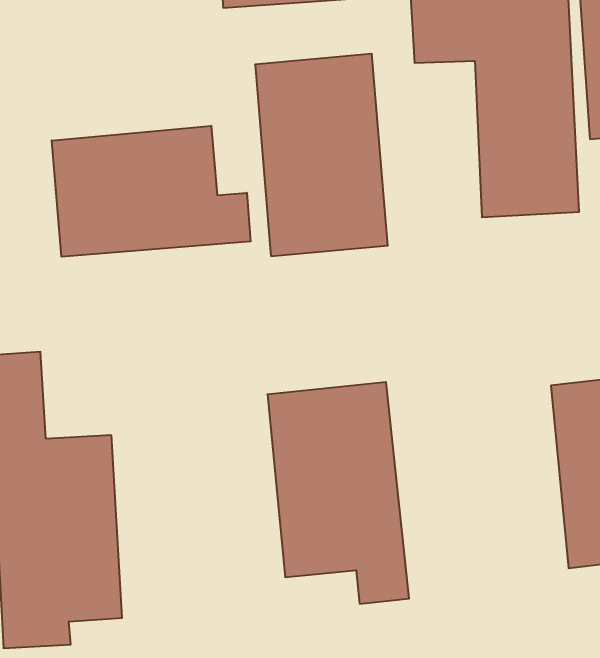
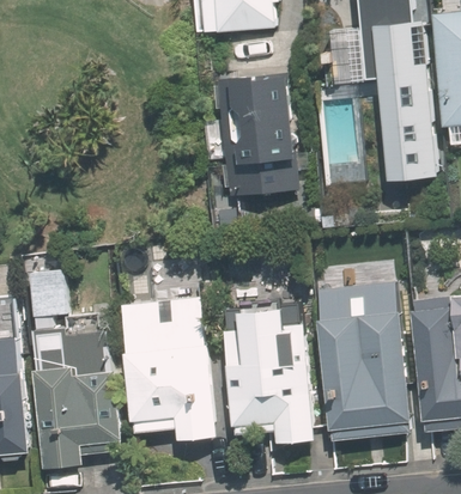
building: [52,126,251,257] -> none
building: none -> [122,281,213,440]
building: none -> [317,300,408,439]

